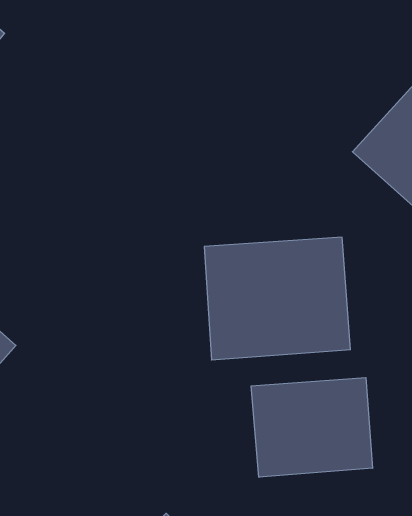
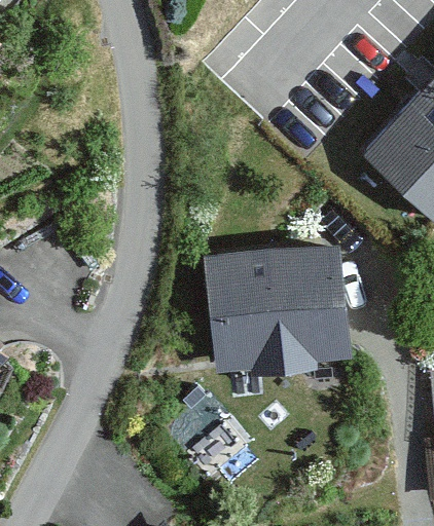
building: [251,378,373,477] -> none

